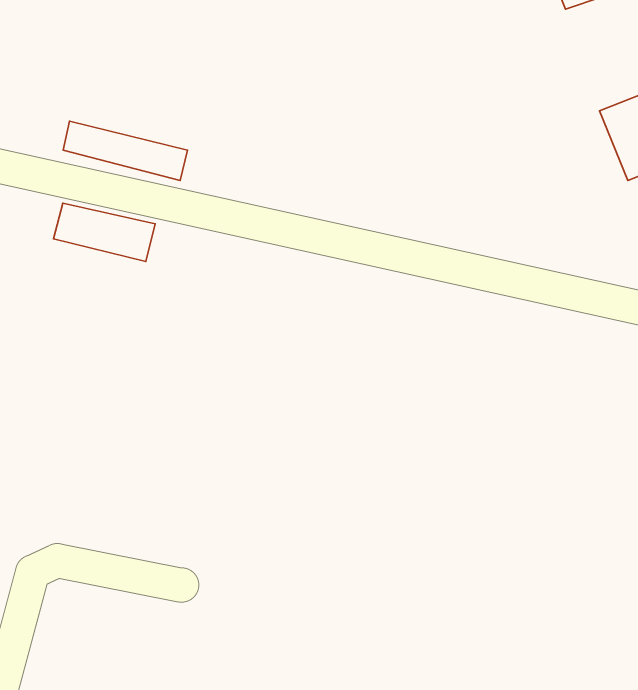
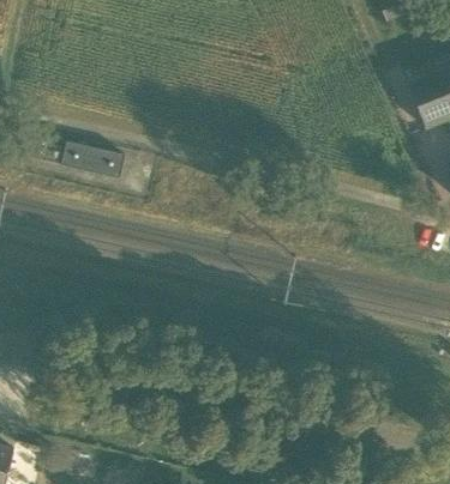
building: [63,121,187,180] -> none

